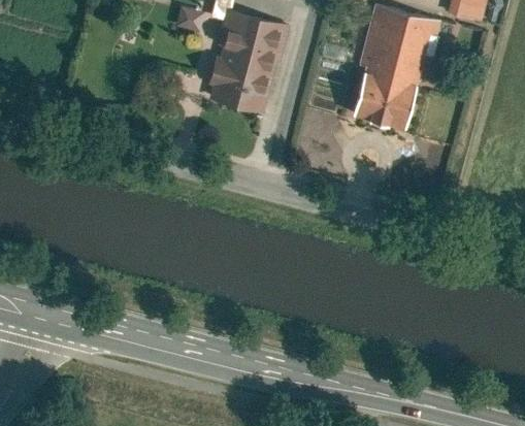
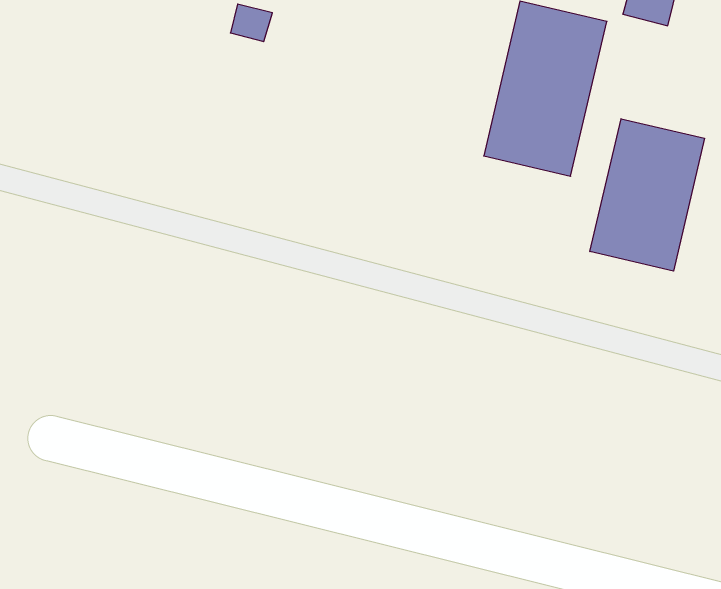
building: [205,8,285,111] -> none
building: none -> [590,119,704,271]

